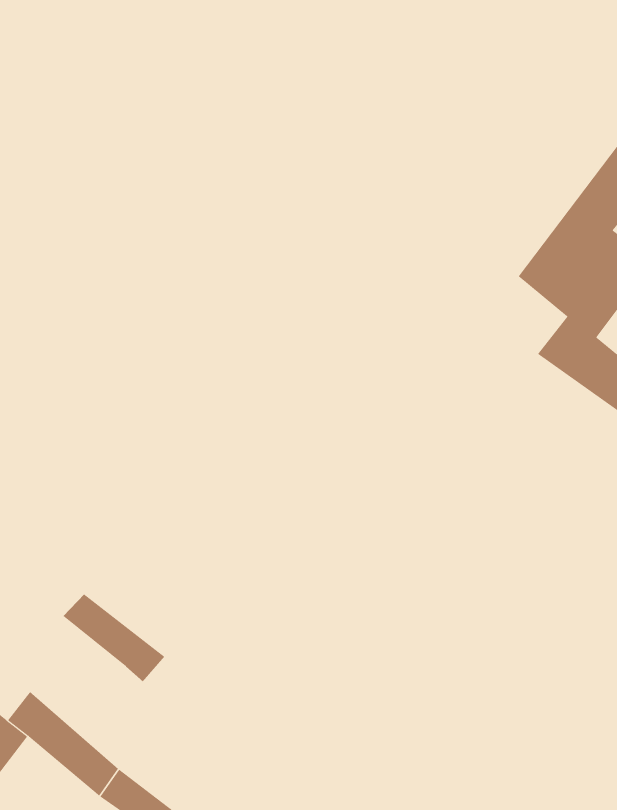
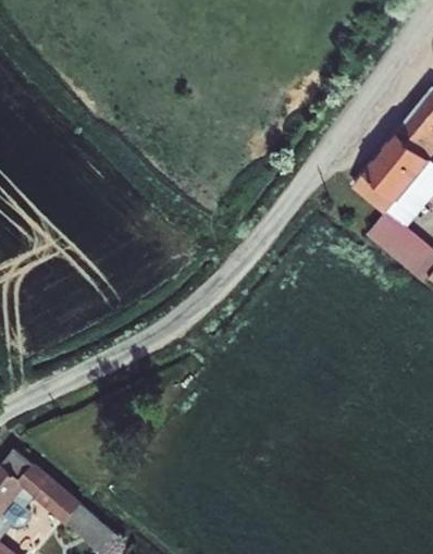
building: [63,593,165,682] -> none

